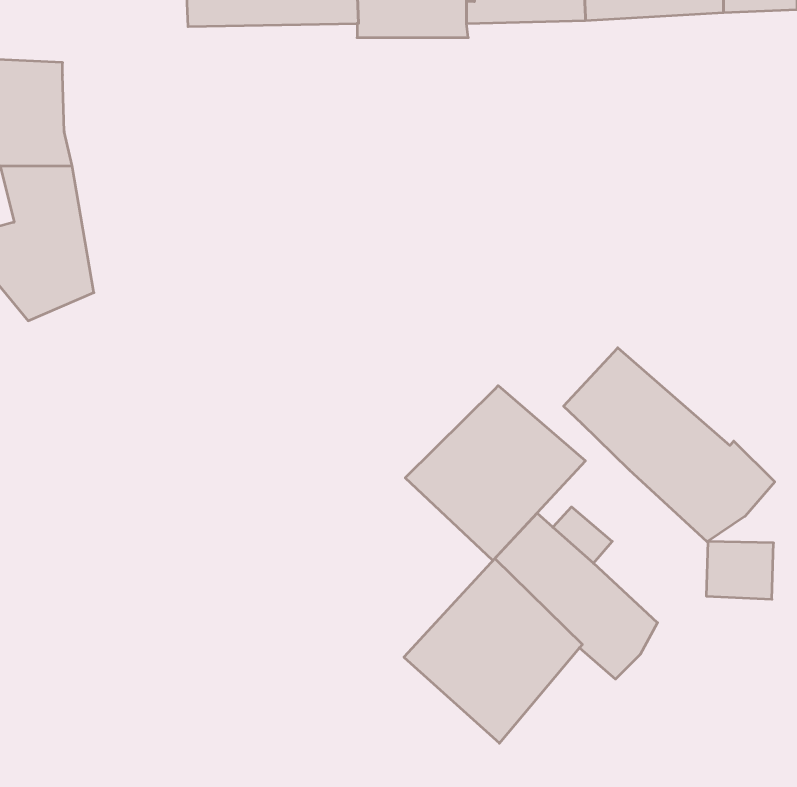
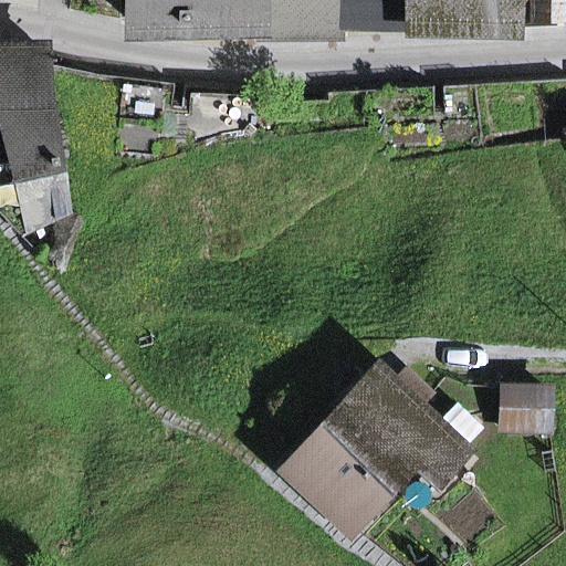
building: [564,348,775,542] -> none
building: [405,386,585,561] -> none

